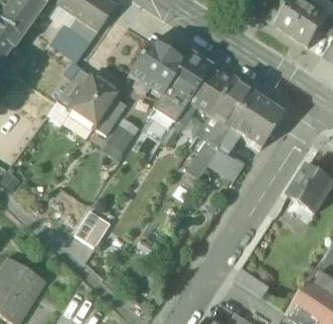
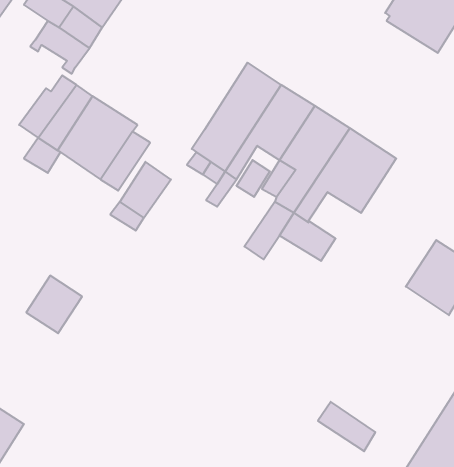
building: [129,39,188,95] -> none
building: [75,210,110,246] -> [26,276,82,333]

